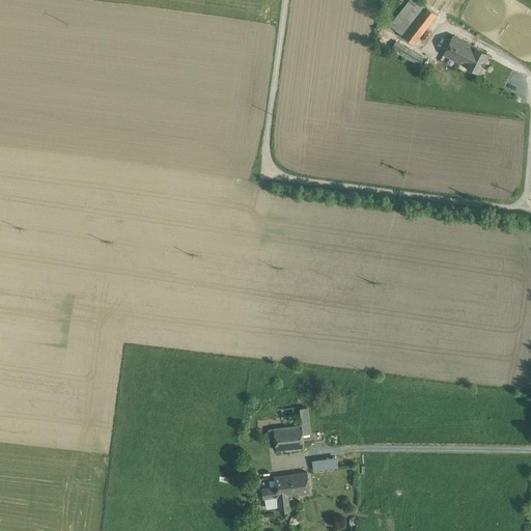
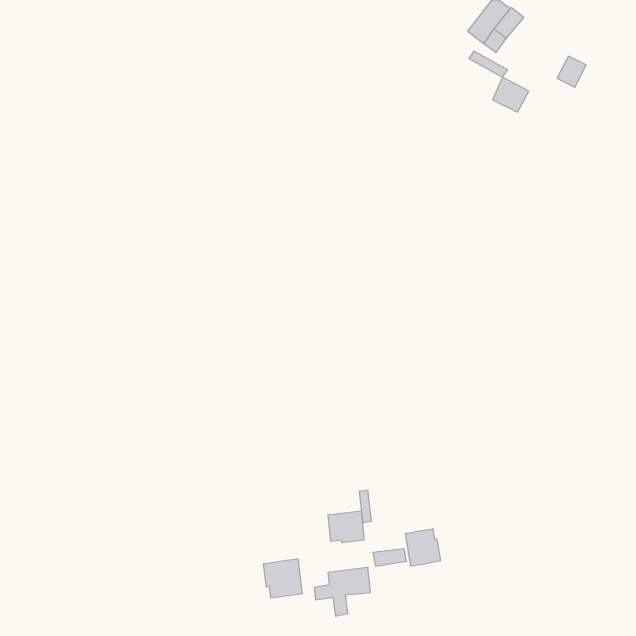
building: [443,36,473,65] -> [493,77,529,112]
building: none -> [406,529,440,566]
building: none -> [263,559,302,598]

